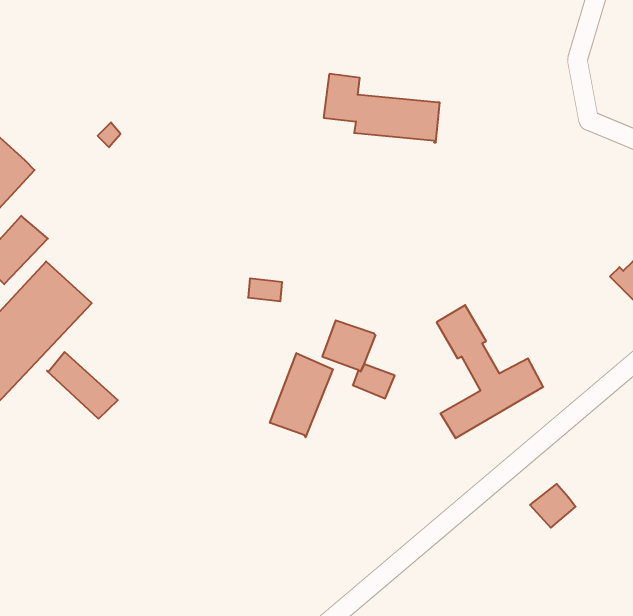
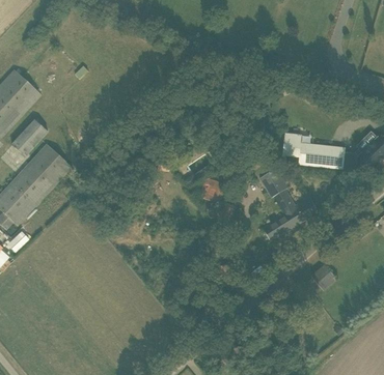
building: [324,74,440,142] -> [281,132,345,169]
building: [47,352,118,419] -> none
building: [270,353,333,437] -> none

